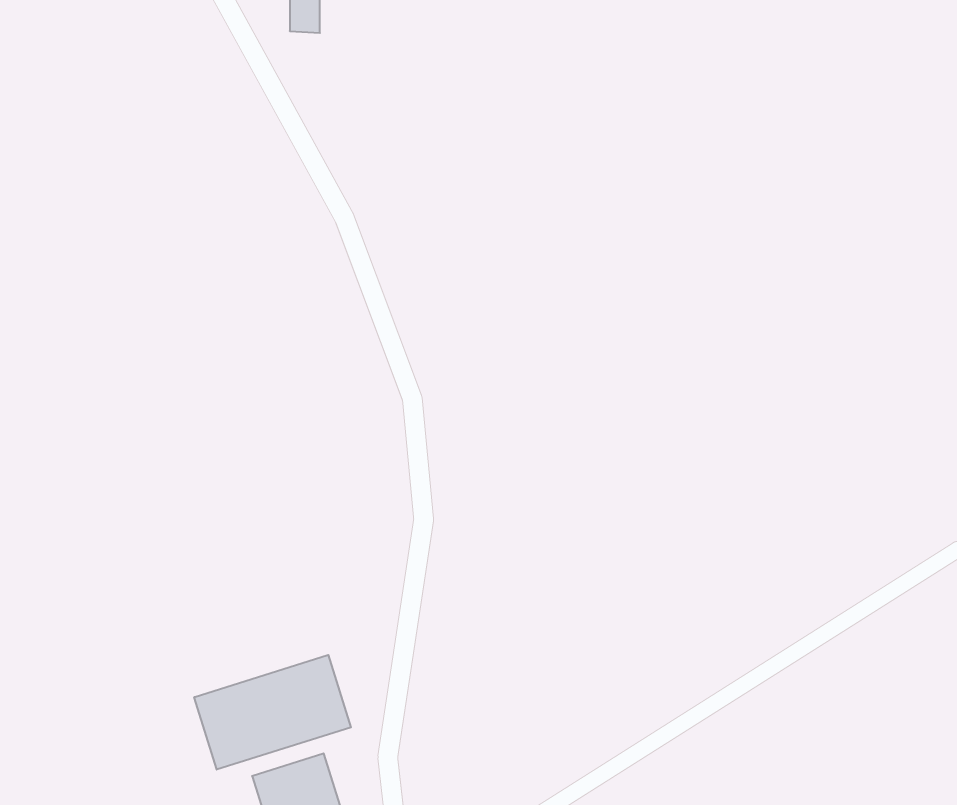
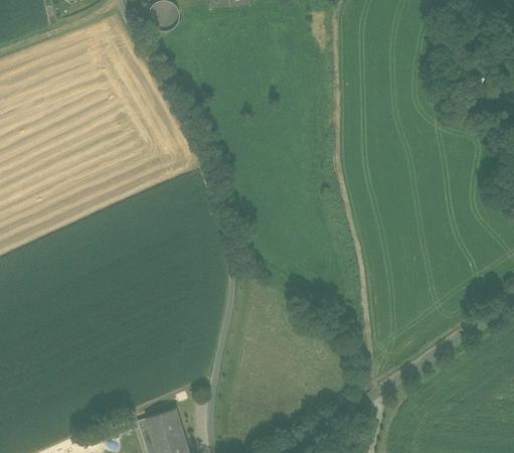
building: [194,655,351,770] -> none

